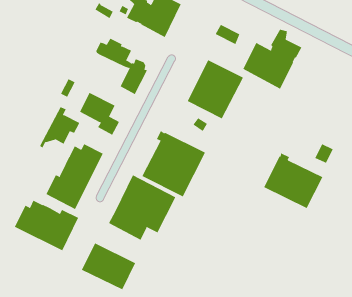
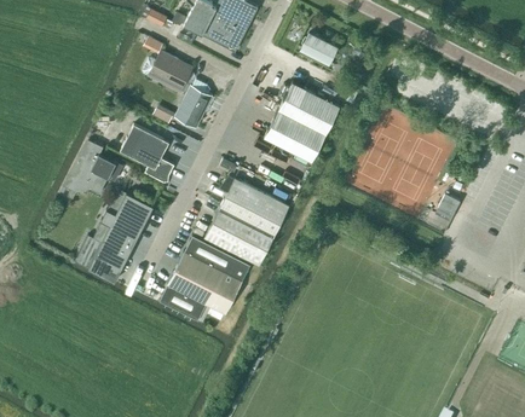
building: [242,29,302,90] -> none
building: [263,153,323,209] -> none
building: [14,200,79,251] -> none
building: [81,242,136,290] -> none

